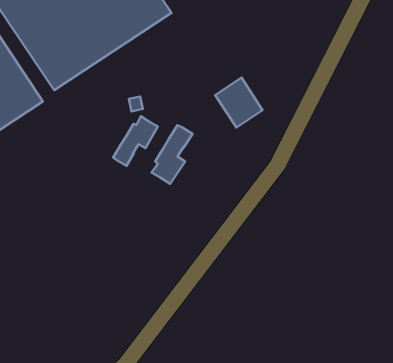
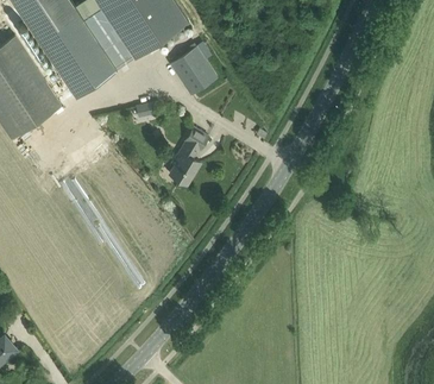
building: [215,78,263,127] -> [170,44,215,92]
building: [113,116,158,166] -> none

